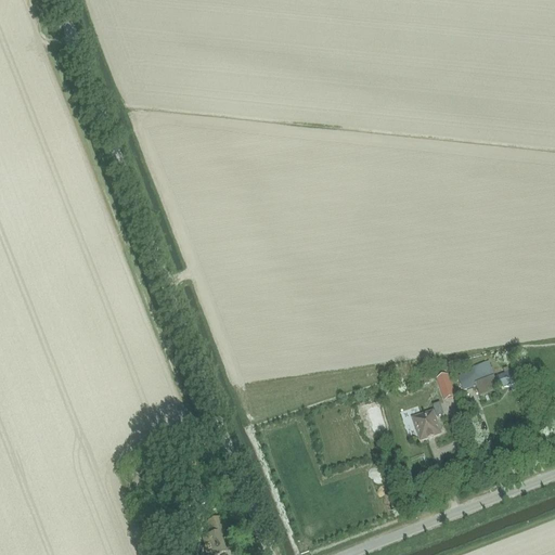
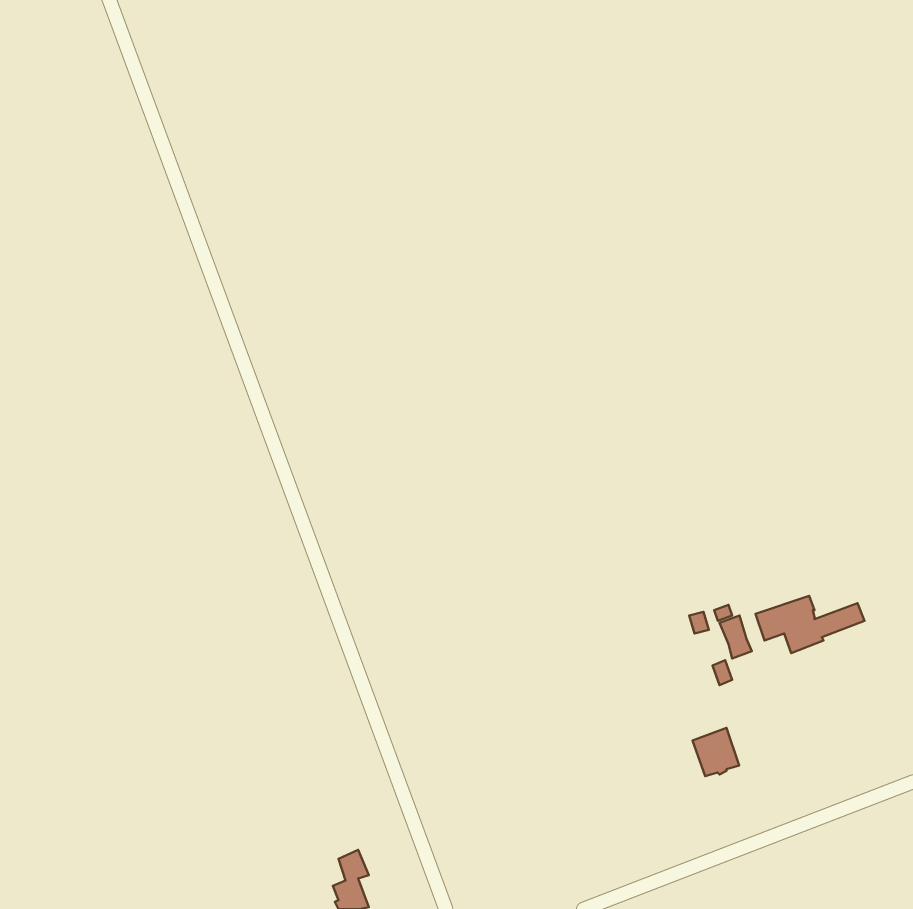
building: [411,409,439,438] -> [693,728,739,776]

